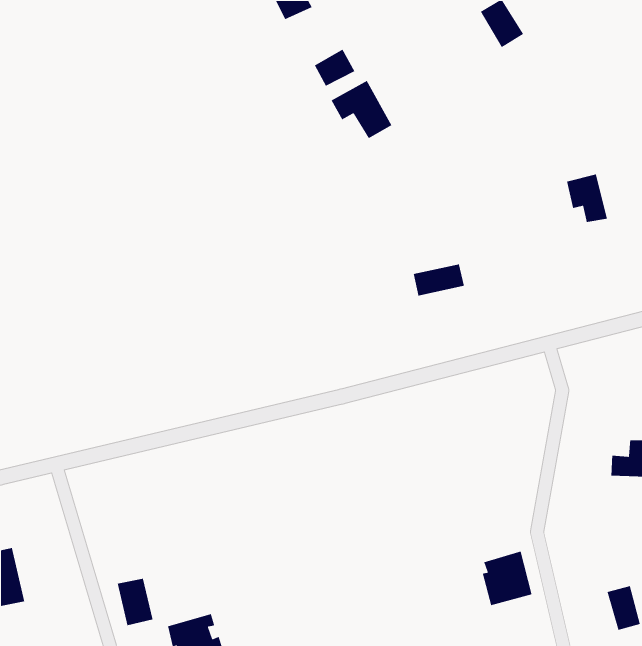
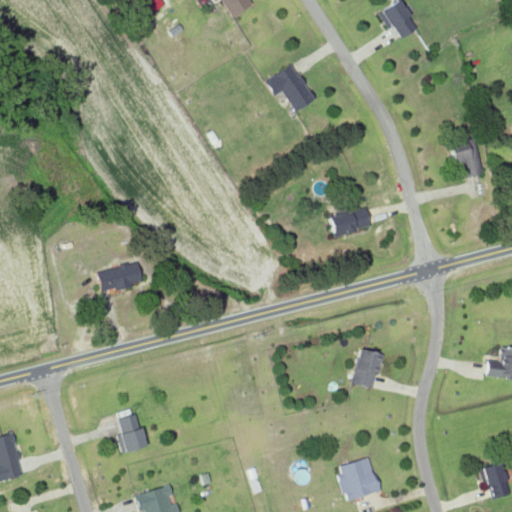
building: [314,49,356,87] -> none
building: none -> [97,262,143,292]
building: none -> [352,349,384,389]
building: [482,551,532,606] -> [339,457,379,501]
building: [117,578,154,626] -> [117,414,146,452]

